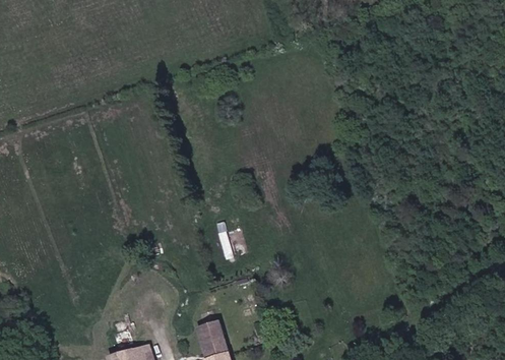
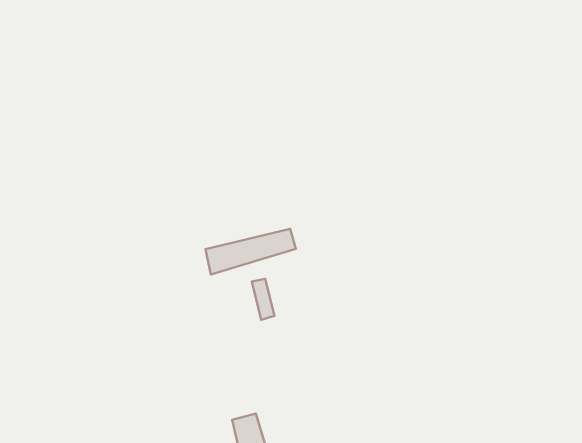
building: none -> [205,229,296,274]

